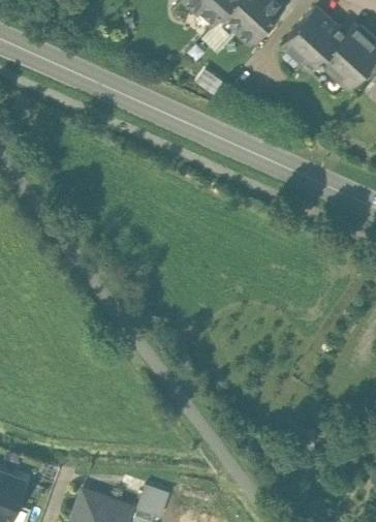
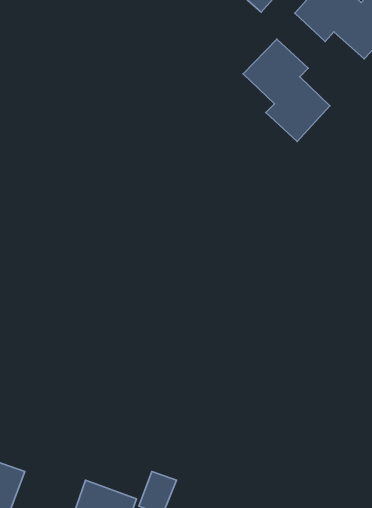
building: none -> [243,39,330,142]

